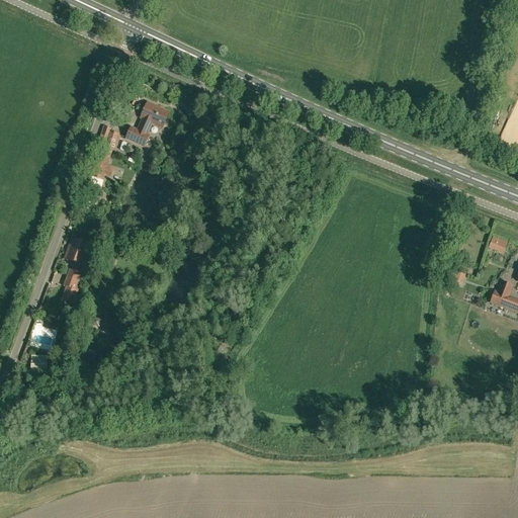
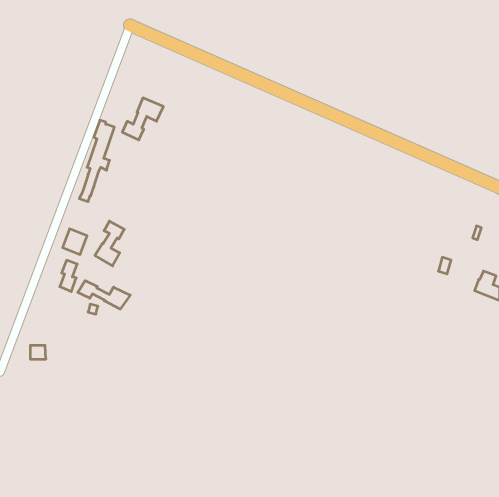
building: none -> [95,221,124,266]
building: none -> [78,281,130,309]

